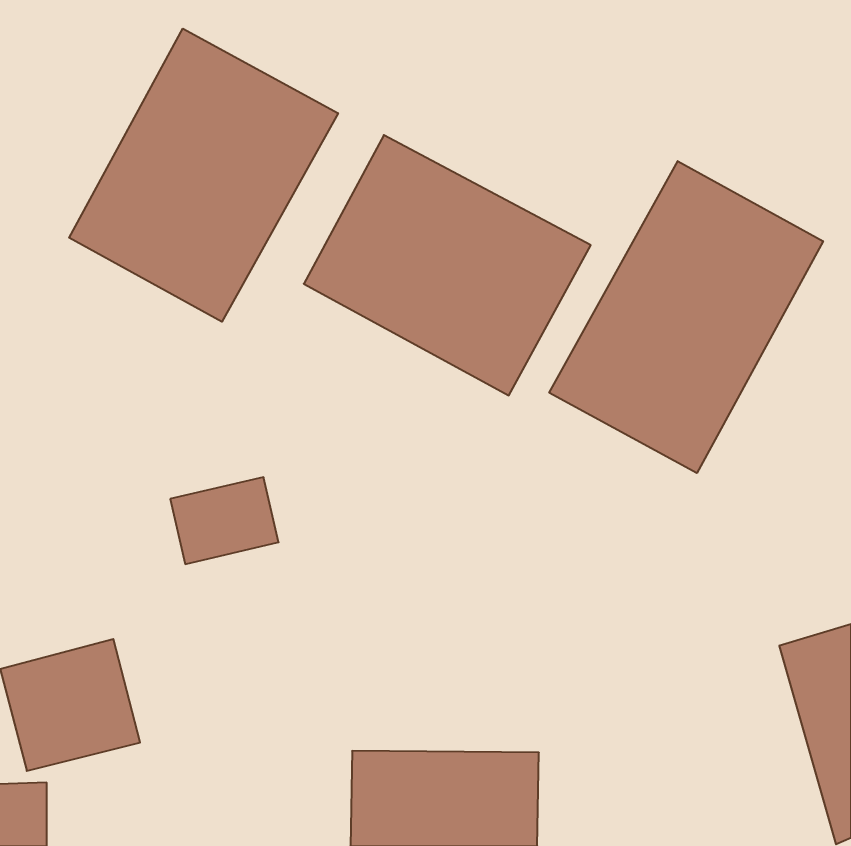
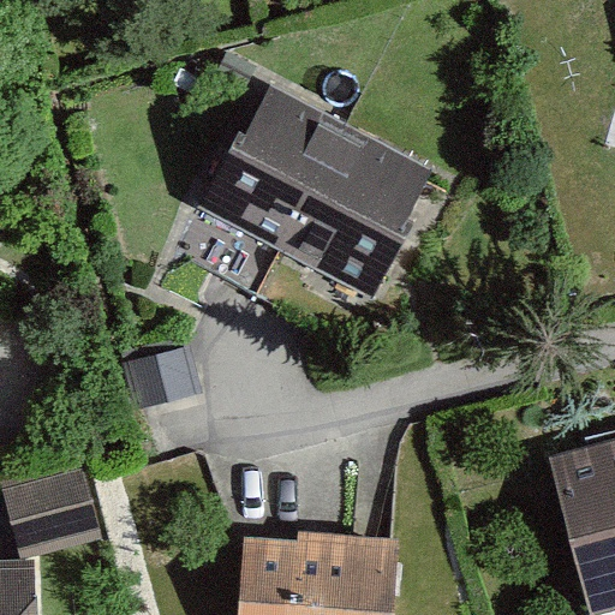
building: [69,29,338,322] -> none
building: [549,161,823,473] -> none

